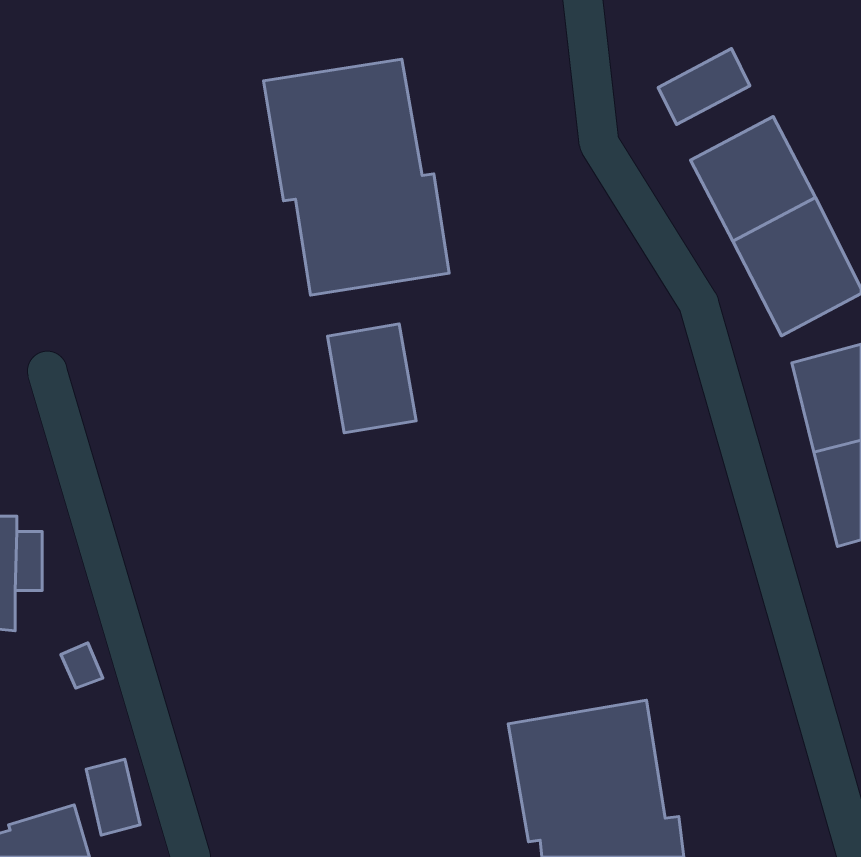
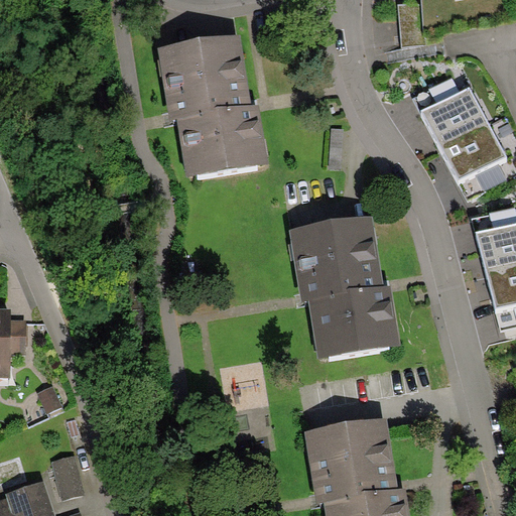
building: [658,48,750,125] -> none
building: [327,324,416,433] -> none
building: none -> [289,218,399,359]

